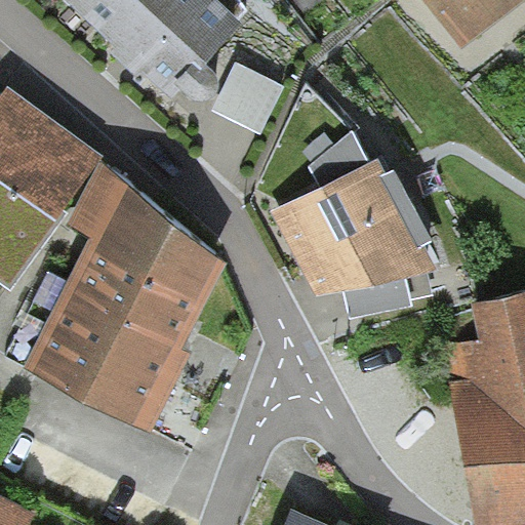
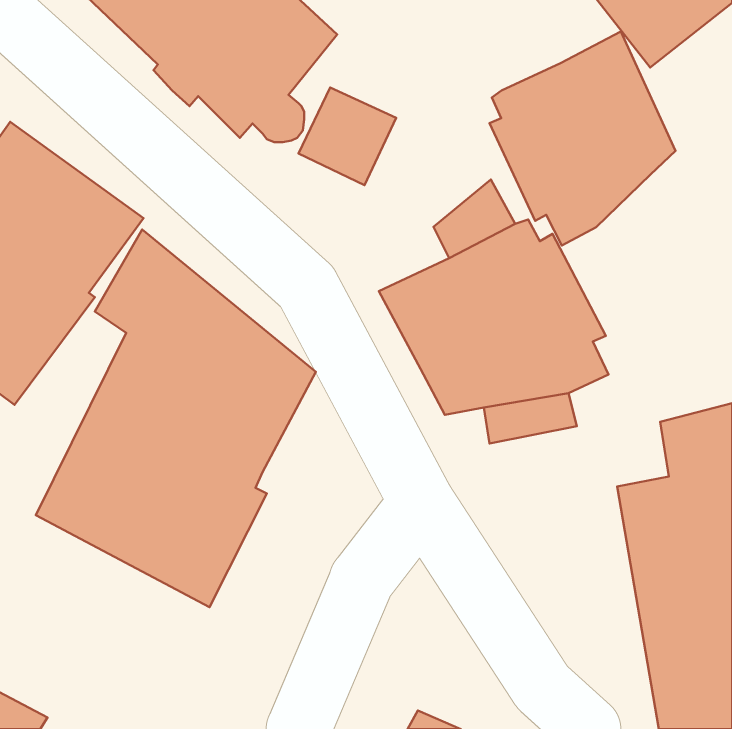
building: none -> [489,32,676,245]

